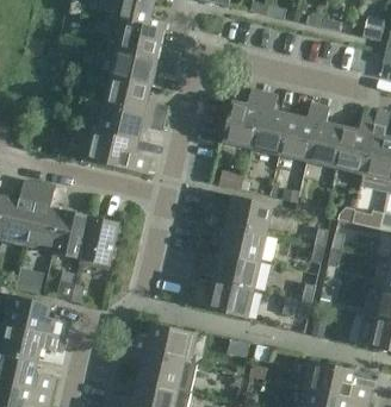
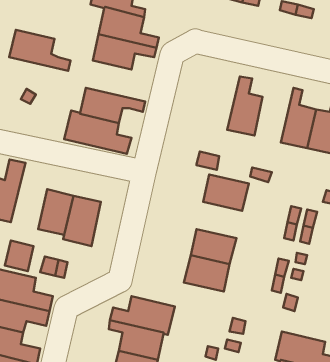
building: [104,76,168,119] -> [9,30,71,71]
building: [223,89,265,149] -> none
building: [280,104,321,162] -> none
building: [25,183,63,252] -> none
building: [219,224,267,262] -> none

